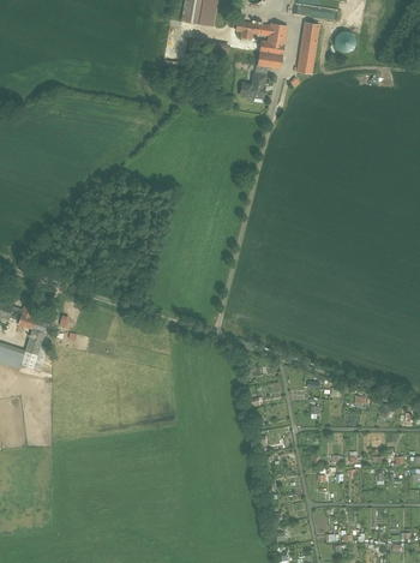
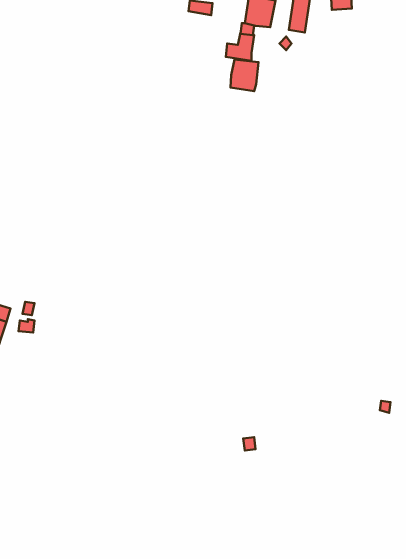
building: none -> [231,59,259,91]

